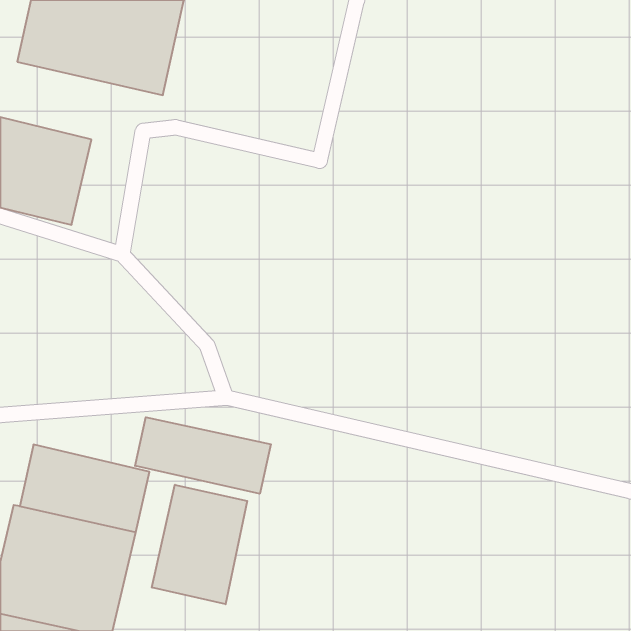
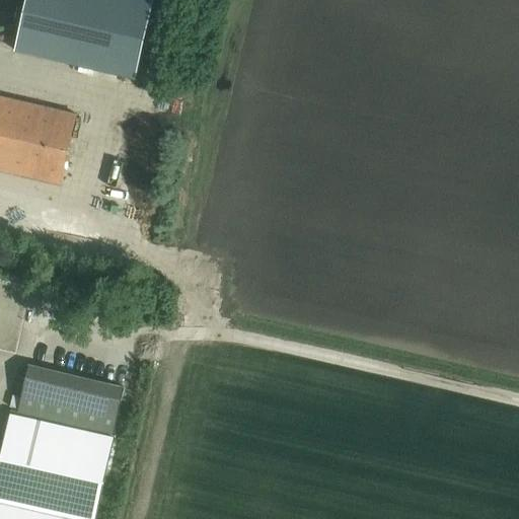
building: [135,417,271,494] -> none
building: [152,485,247,604] -> none

